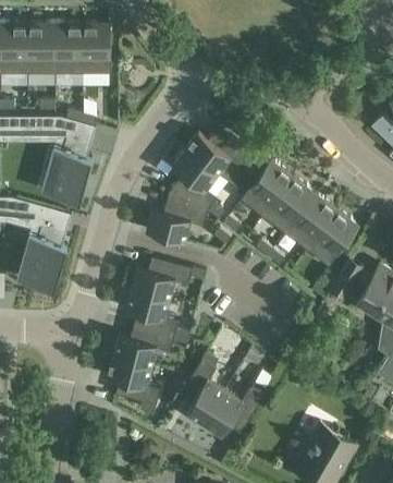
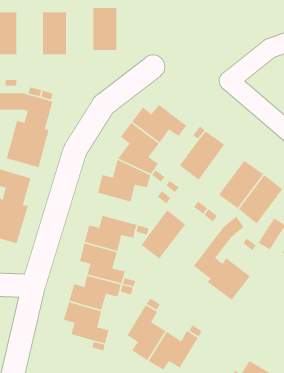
building: [54,24,83,74] -> [93,7,117,51]
building: [262,177,315,234] -> [140,209,186,260]
building: none -> [193,216,251,301]

